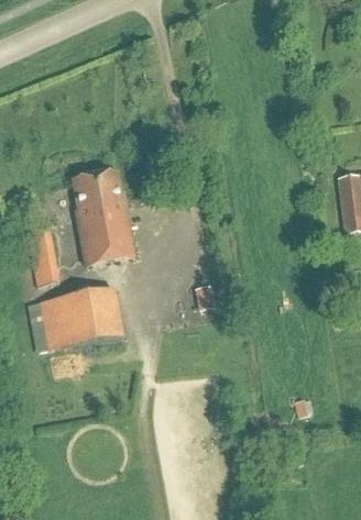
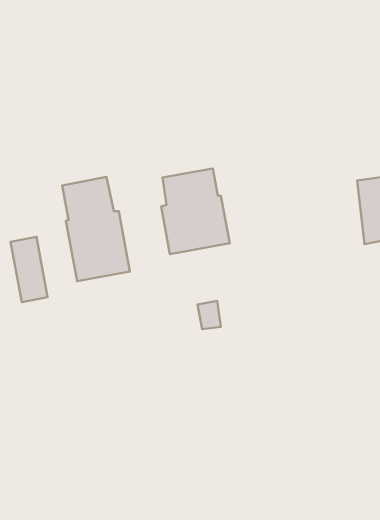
building: none -> [161,169,230,254]
building: [39,286,123,348] -> none

